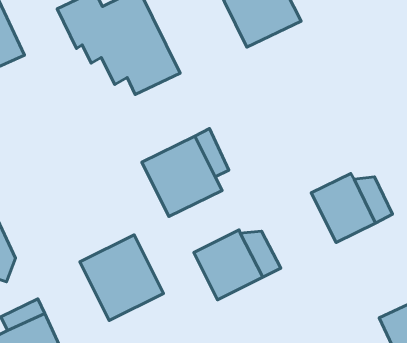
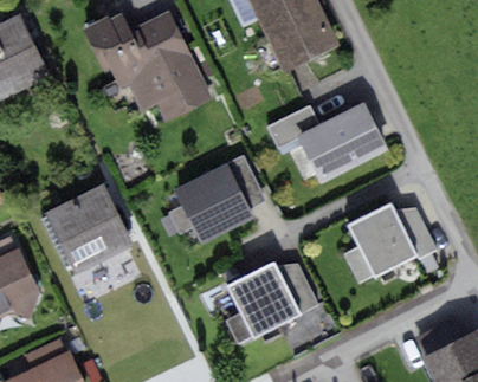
building: none -> [269,108,380,180]
building: [80,235,164,321] -> [45,184,133,274]

